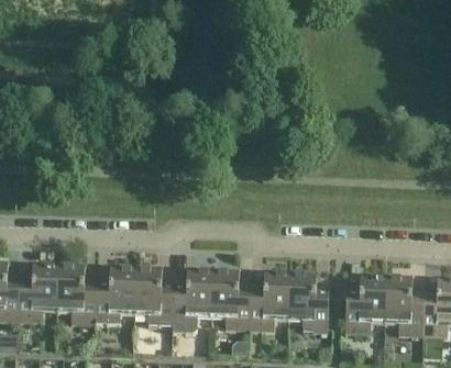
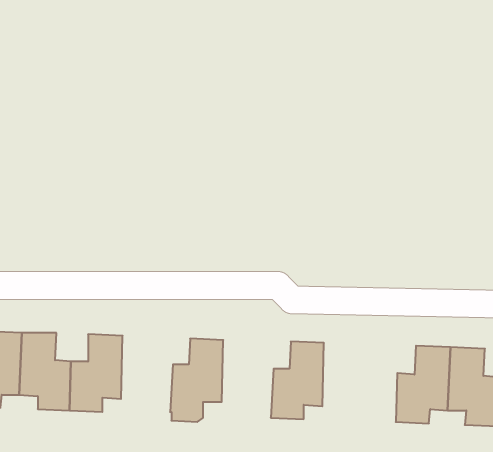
building: [133,265,173,323] -> none
building: [210,268,250,327] -> none
building: [287,270,327,330] -> none

